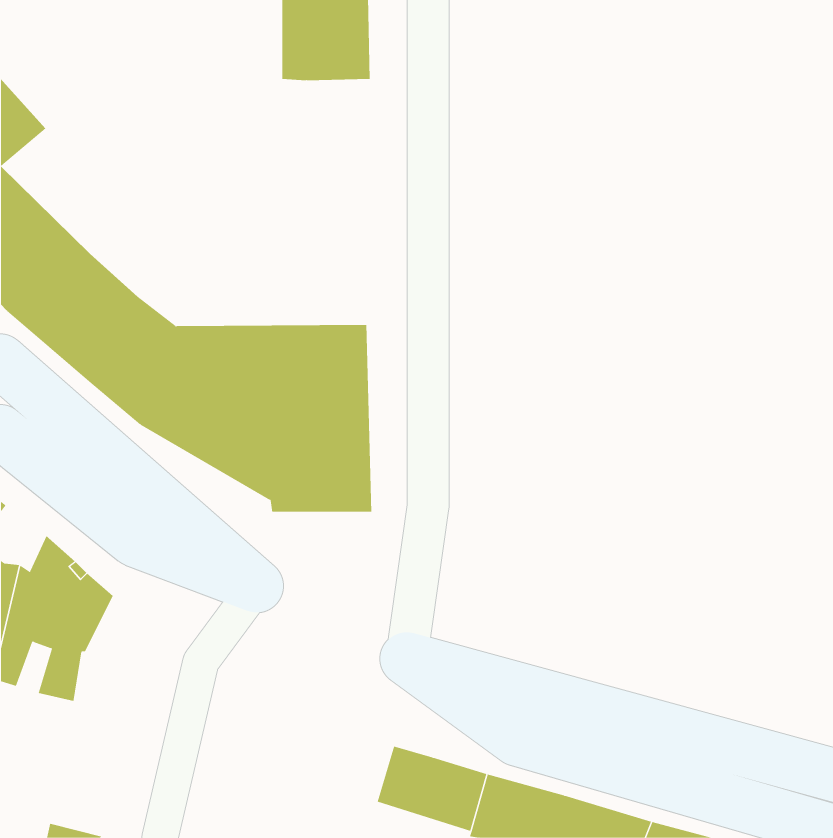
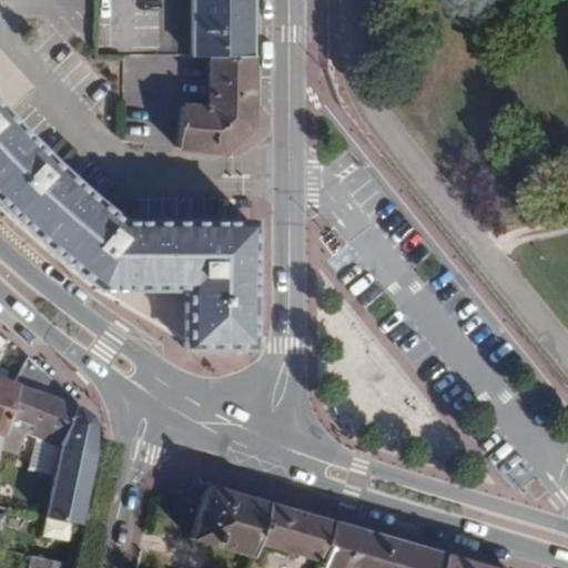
building: none -> [184,53,255,152]
building: none -> [49,402,98,520]
building: none -> [194,485,271,555]

